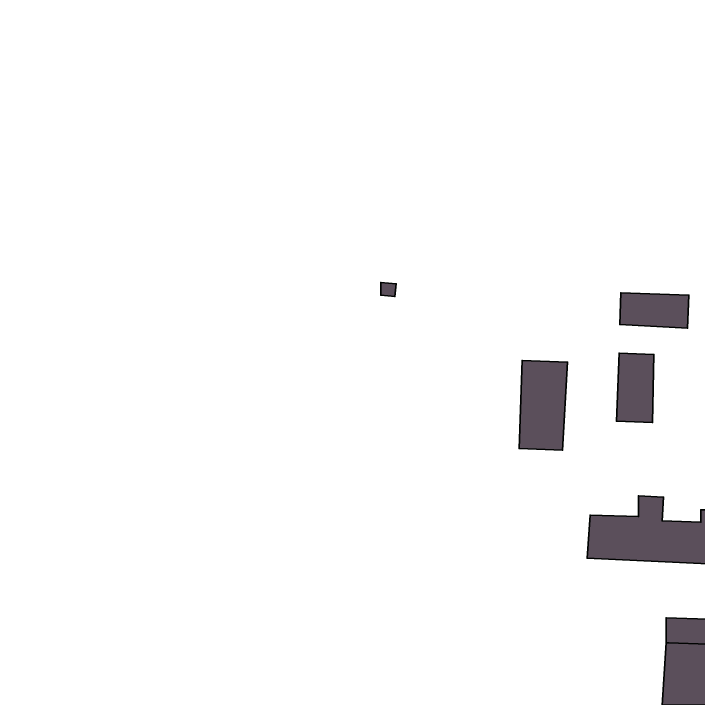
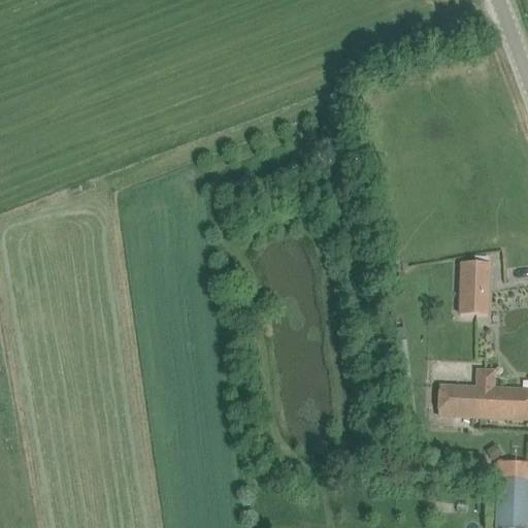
building: [620,293,689,328] -> none
building: [519,360,568,450] -> none

